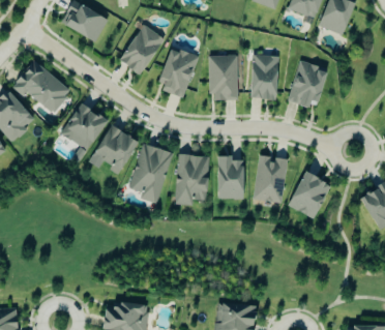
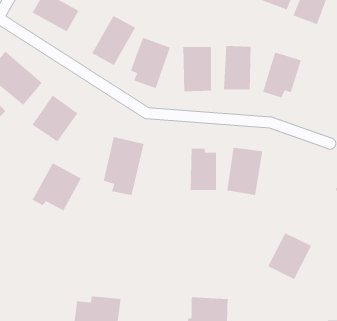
building: [88,124,138,173] -> [31,162,82,212]
building: [175,154,208,204] -> none
building: [287,171,331,218] -> [267,232,312,280]

